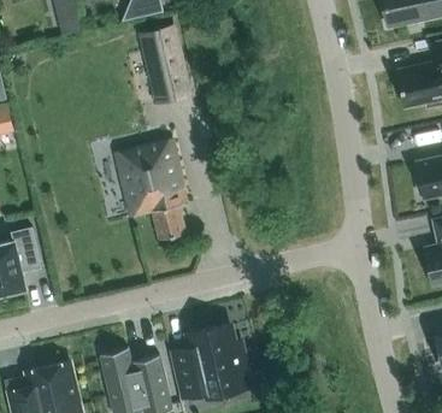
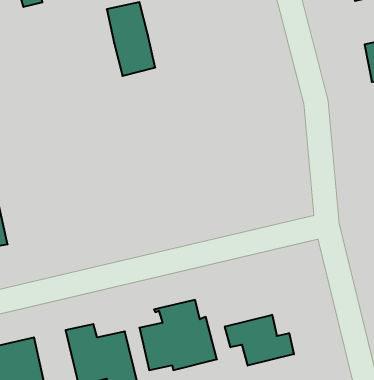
building: [116,140,187,240] -> none
building: none -> [225,315,294,366]

